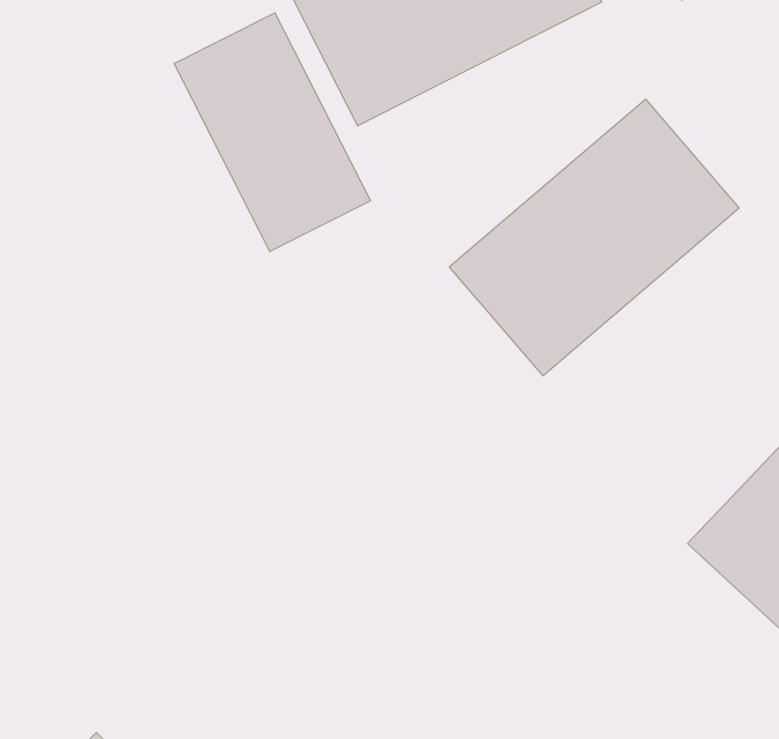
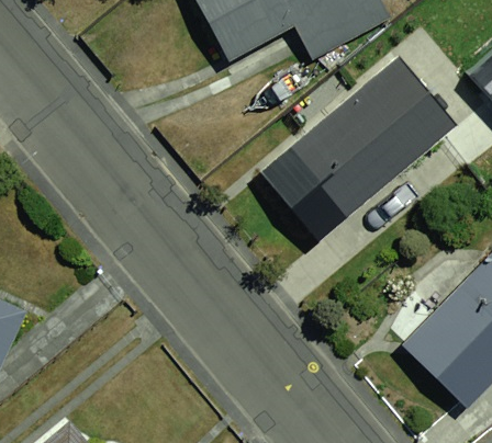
building: [174,13,370,252] -> none

